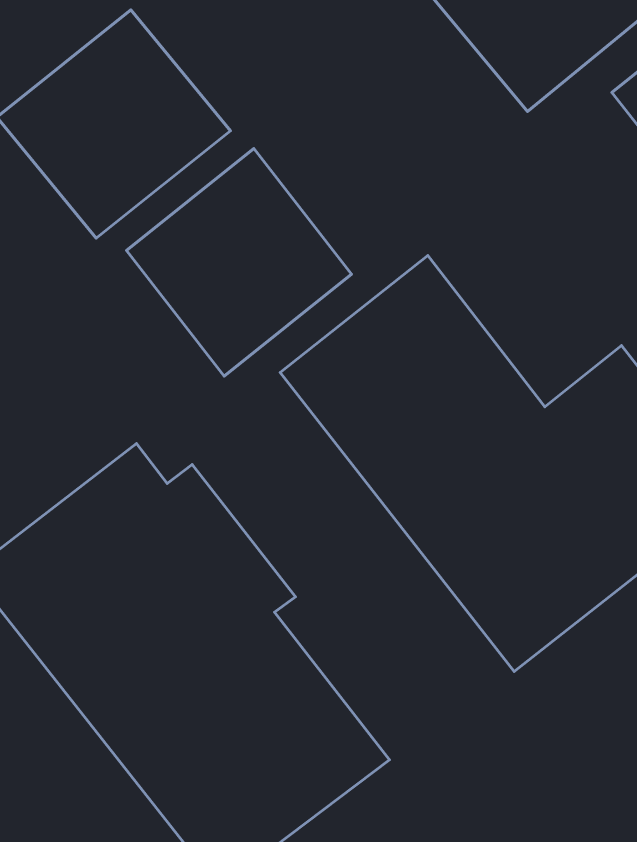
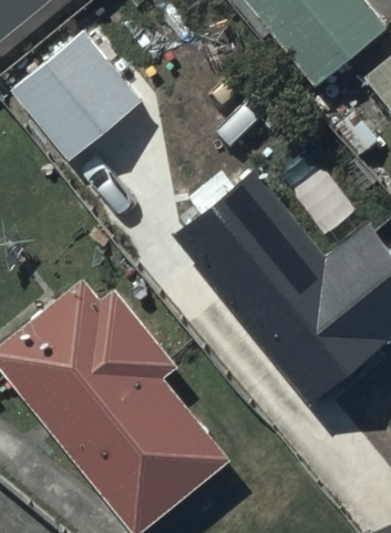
building: [127,149,351,376] -> none

